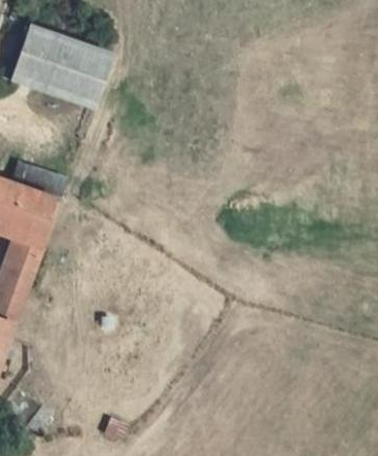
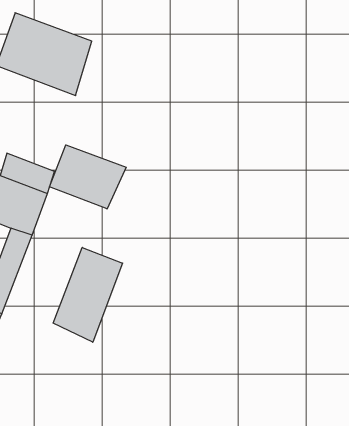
building: none -> [49,145,126,209]
building: none -> [53,247,123,342]

